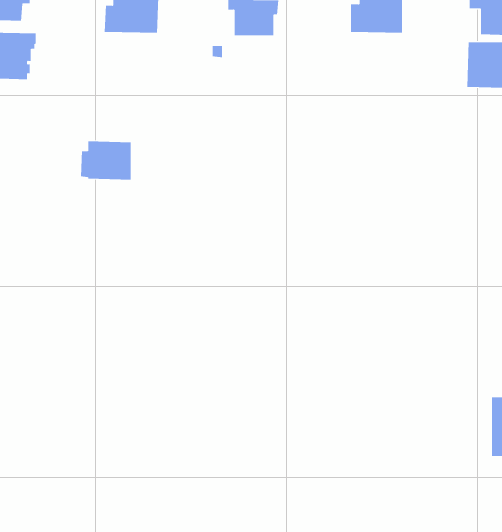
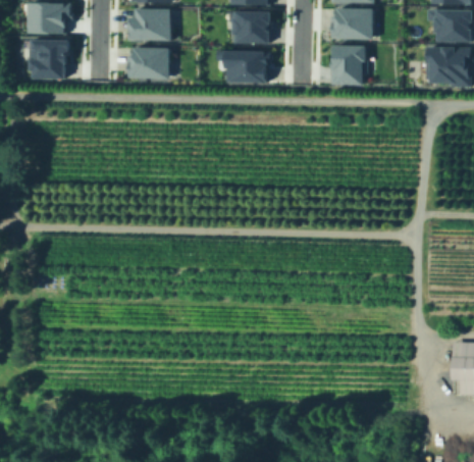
building: none -> [327,45,365,84]
building: none -> [228,50,270,82]
building: [80,141,132,180] -> [126,47,169,80]

